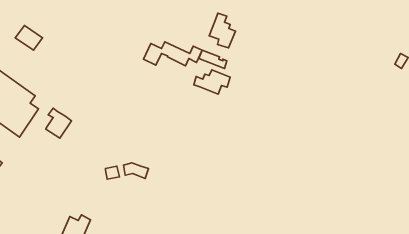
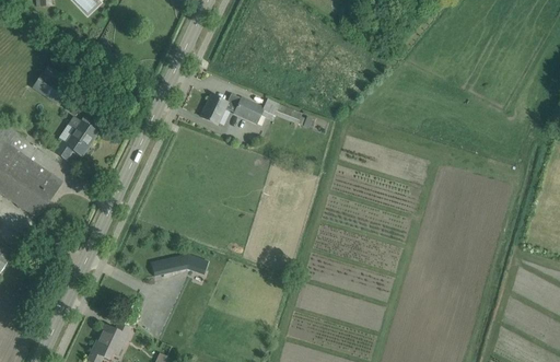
building: [209,13,235,48] -> none
building: [194,70,230,94] -> none
building: [46,108,71,138] -> [62,116,96,155]

